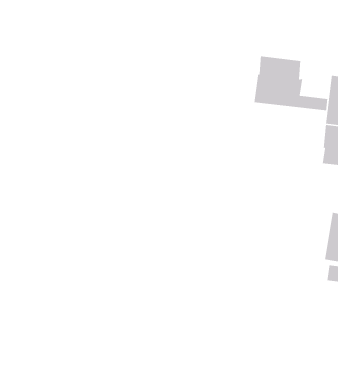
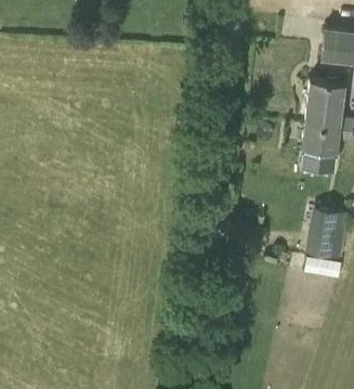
building: [253,55,328,111] -> none

